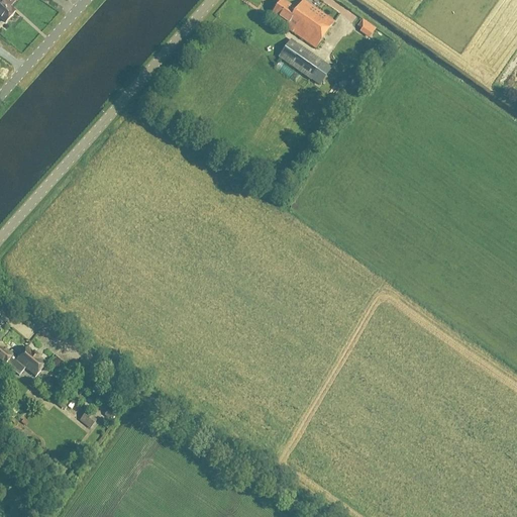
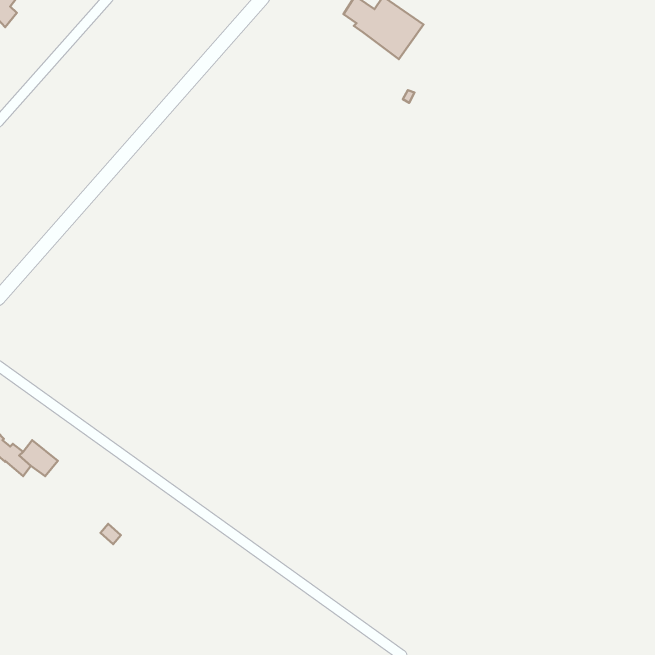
building: [277,37,320,77] -> none

